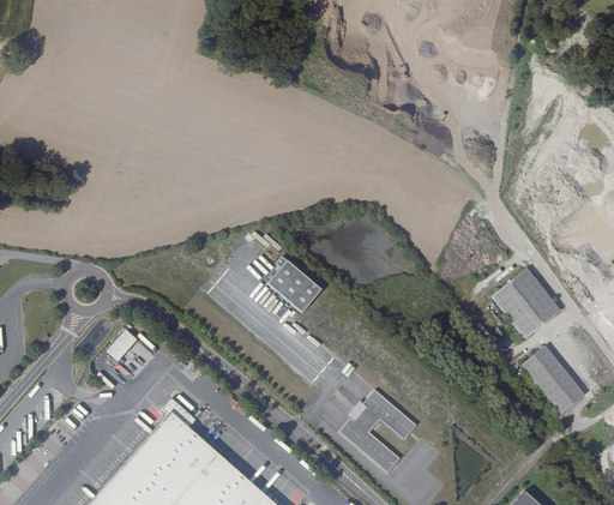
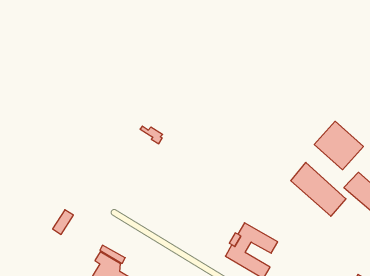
building: [270,258,323,313] -> none
building: none -> [291,162,346,216]

